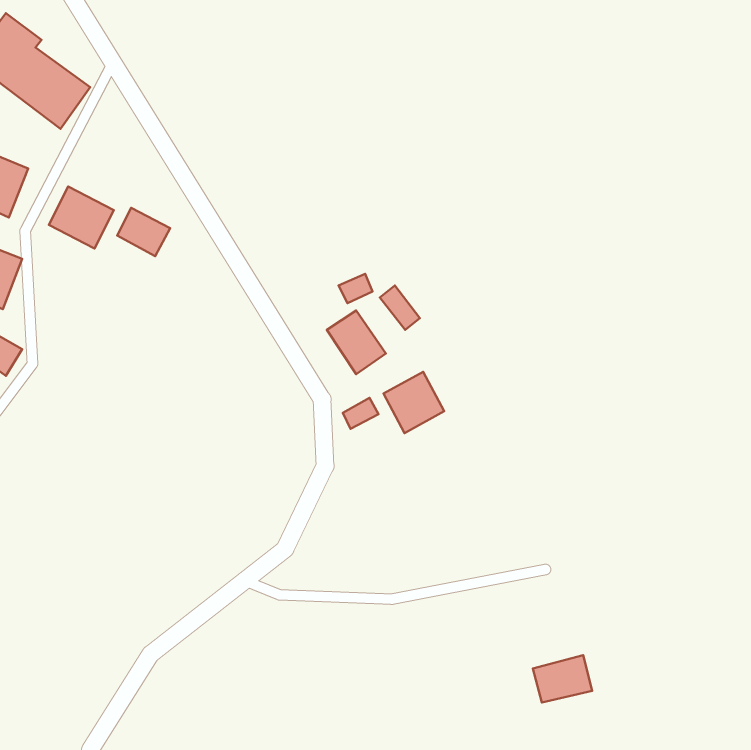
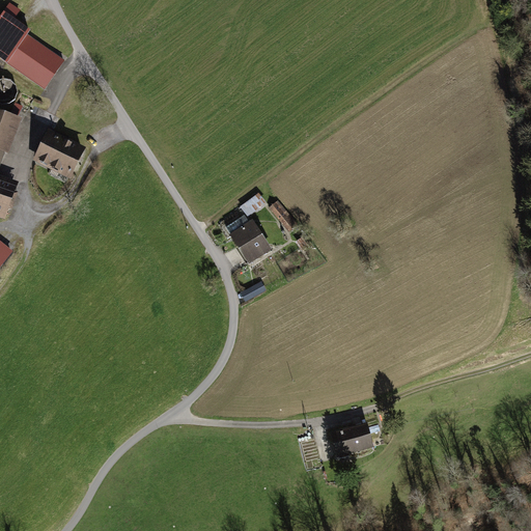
building: [117,208,170,256] -> none
building: [383,372,444,433] -> none
building: [533,655,592,703] -> [330,421,371,454]

